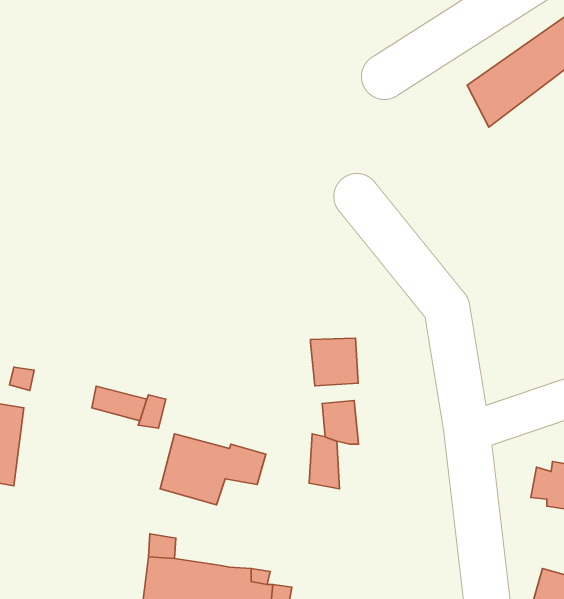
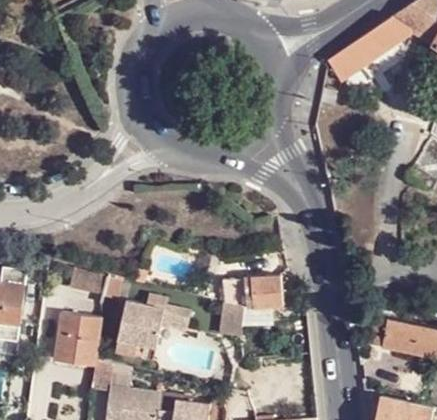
building: [310,338,358,386] -> [251,275,284,308]
building: none -> [54,311,100,365]

